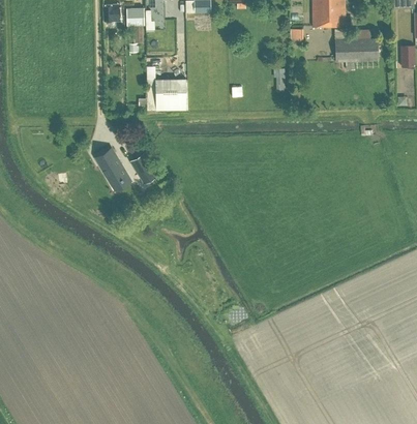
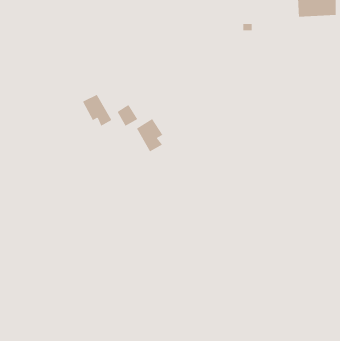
building: [155,79,187,110] -> none
building: none -> [136,118,163,152]

